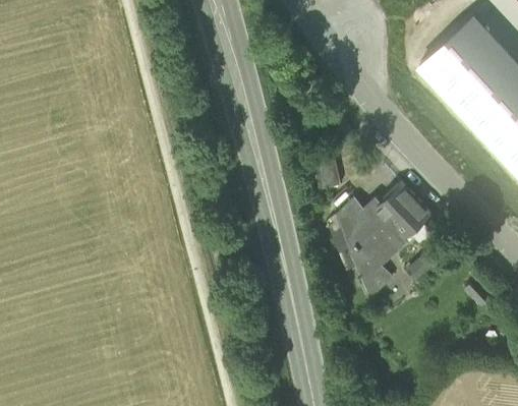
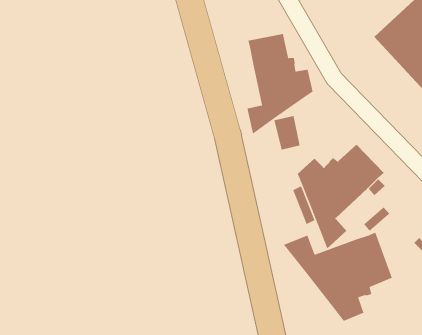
building: none -> [246,33,313,135]
building: none -> [283,231,393,322]

